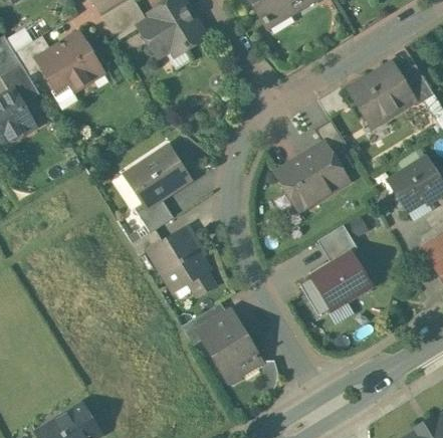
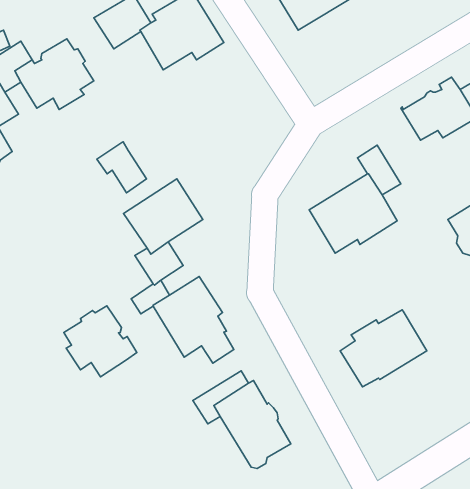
building: none -> [97,142,147,193]
building: [318,225,360,264] -> none
building: none -> [64,306,137,377]

